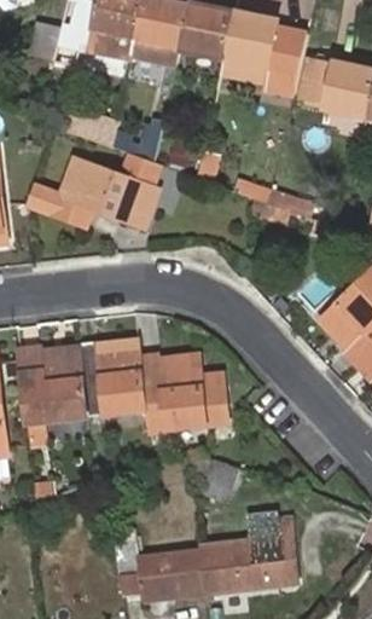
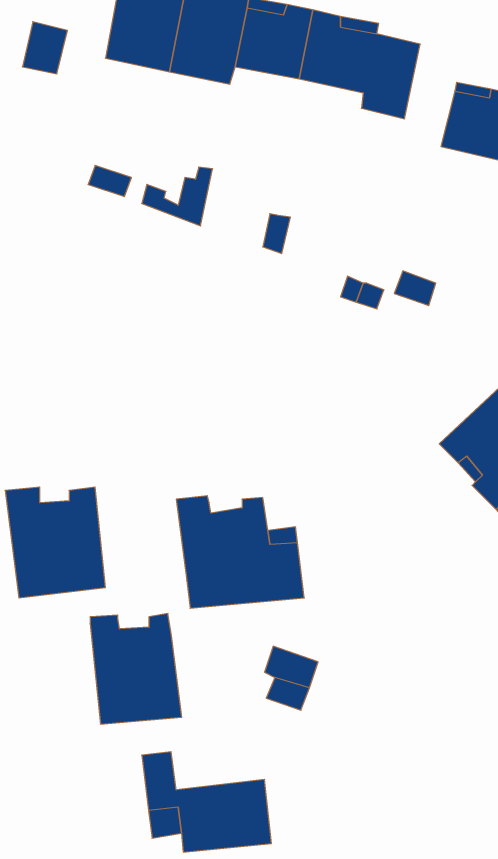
building: [28,155,159,222] -> none
building: [80,339,144,416] -> [90,613,182,724]
building: [198,513,296,595] -> none

